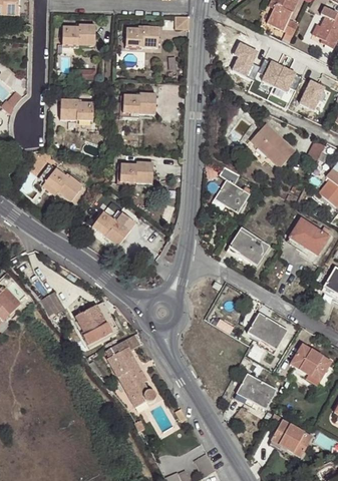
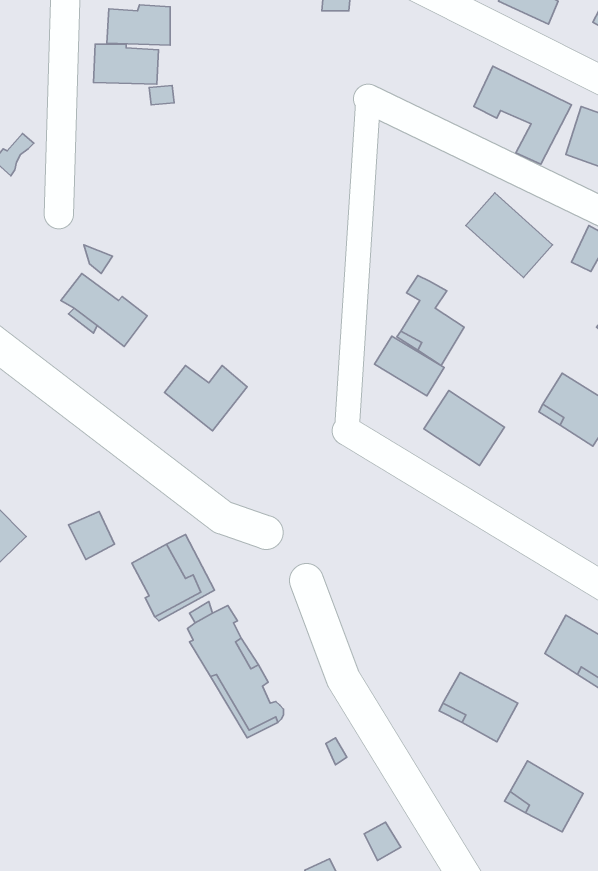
building: [126,27,158,48] -> none
building: [233,42,264,78] -> none
building: [123,94,156,115] -> none
building: [60,100,94,121] -> [93,44,159,84]
building: [120,162,153,183] -> none
building: none -> [374,336,444,396]
building: [246,313,288,350] -> none

